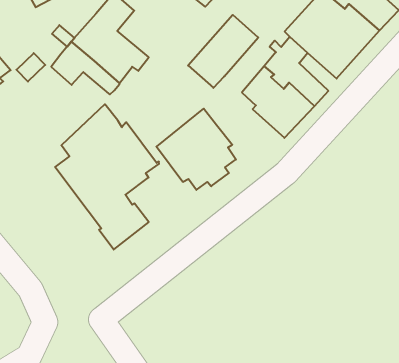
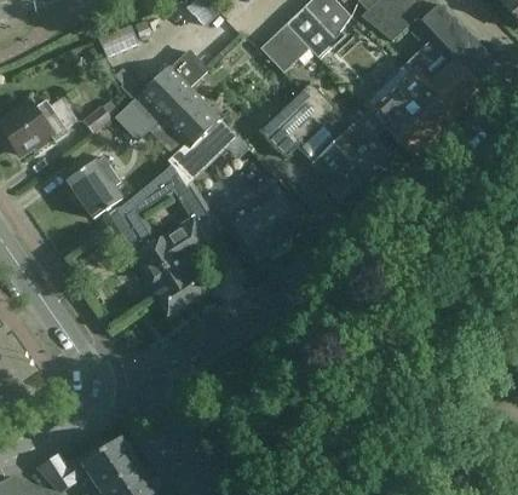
building: none -> [168,119,237,189]
building: none -> [67,155,120,214]

